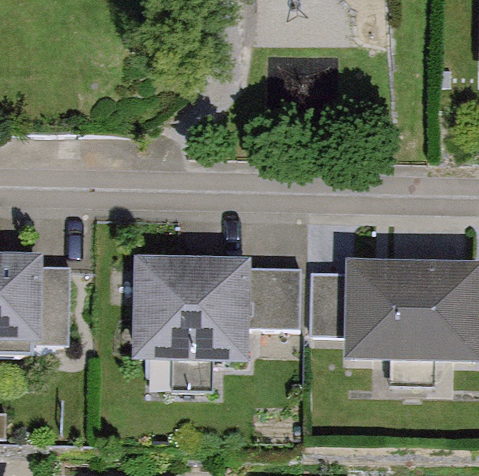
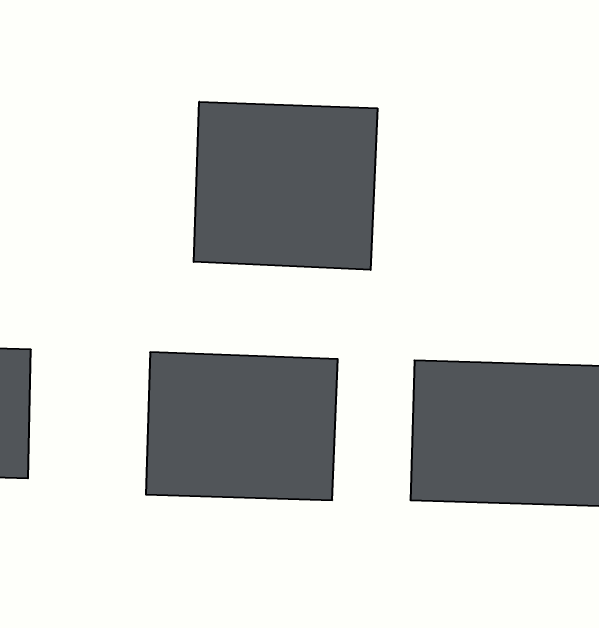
building: none -> [194,102,377,270]

